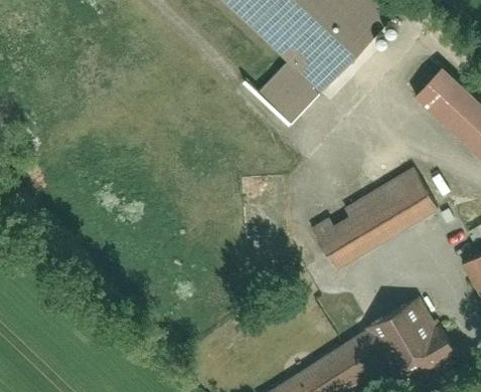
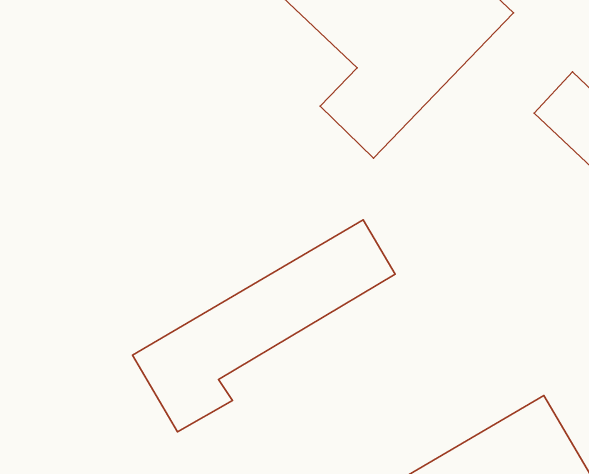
building: [308,168,438,269] -> none
building: none -> [132,220,395,432]

